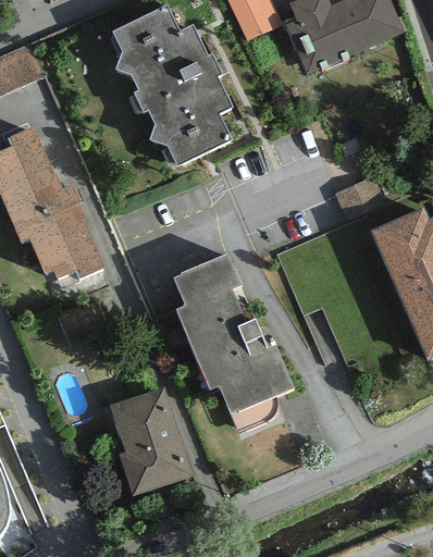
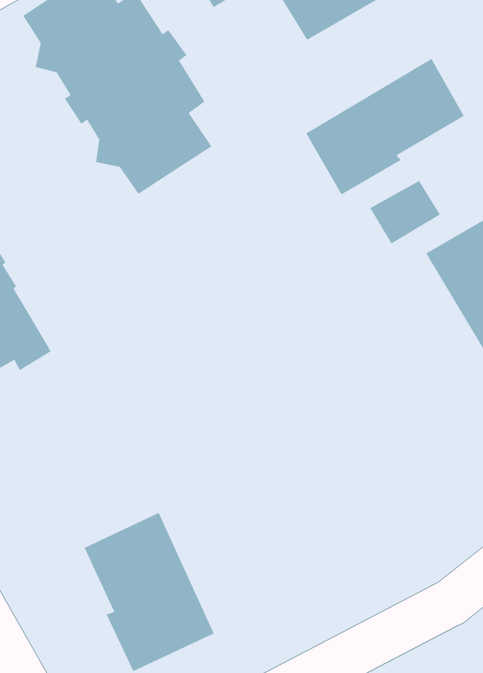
building: none -> [305,58,465,196]
building: [172,252,294,434] -> none

